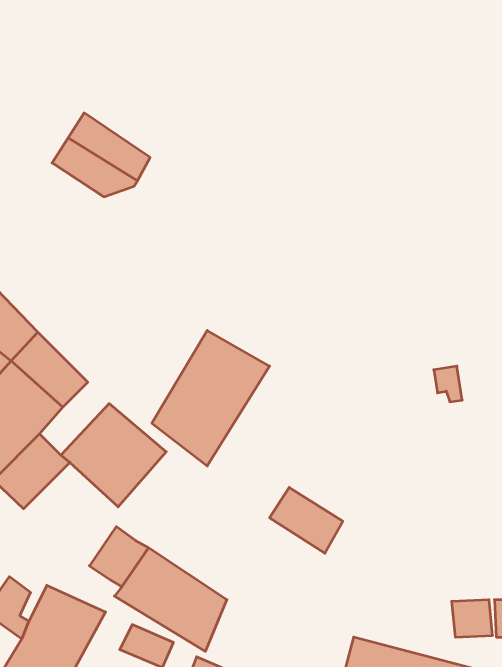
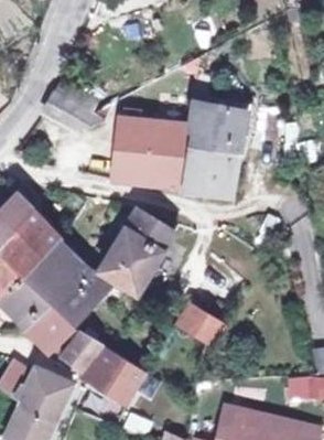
building: none -> [117,97,248,190]
building: none -> [23,293,82,352]

